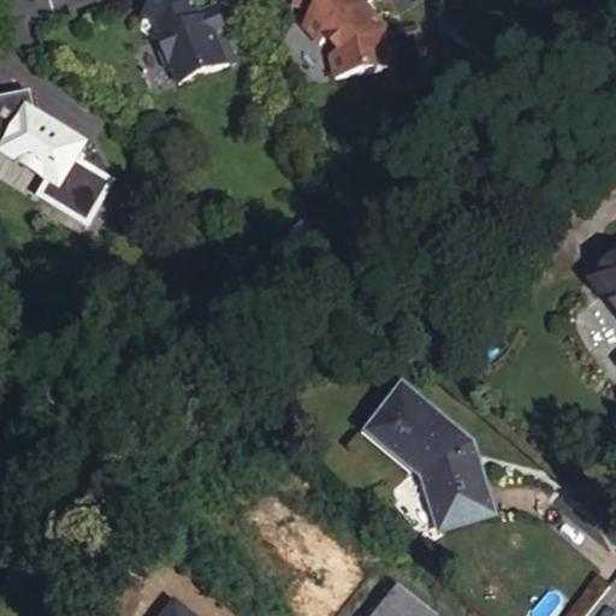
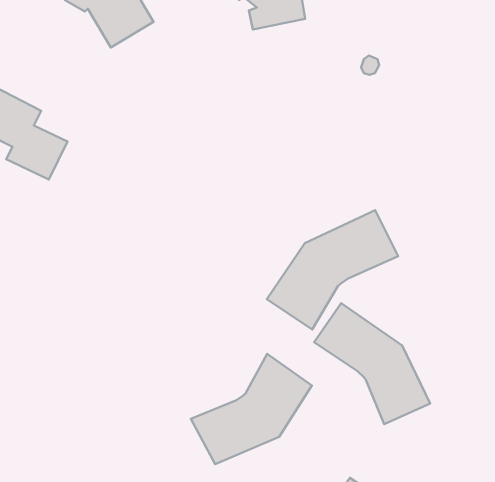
building: none -> [267,210,398,329]
building: none -> [191,354,312,464]

